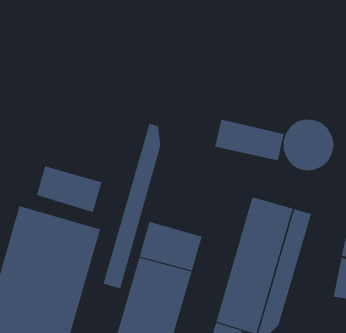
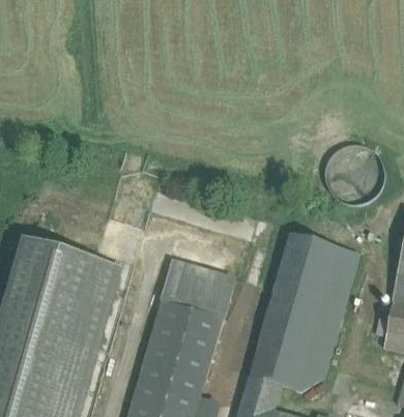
building: [215,119,284,161] -> none
building: [103,123,161,289] -> none
building: [36,165,102,213] -> none

